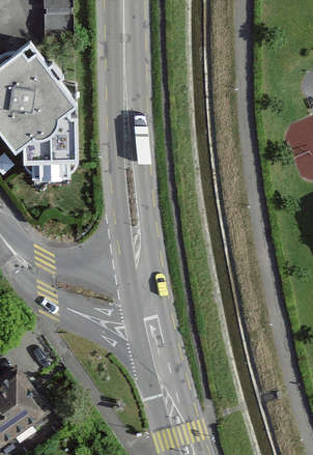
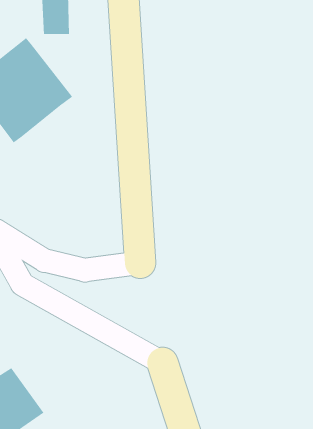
building: [24,111,74,175] -> none

